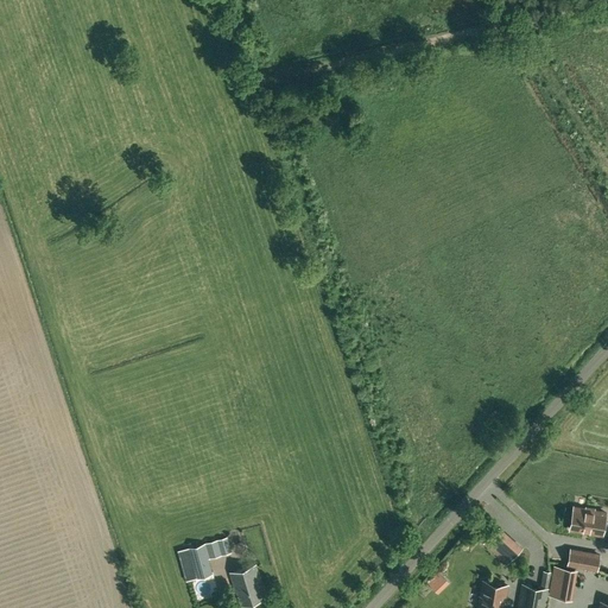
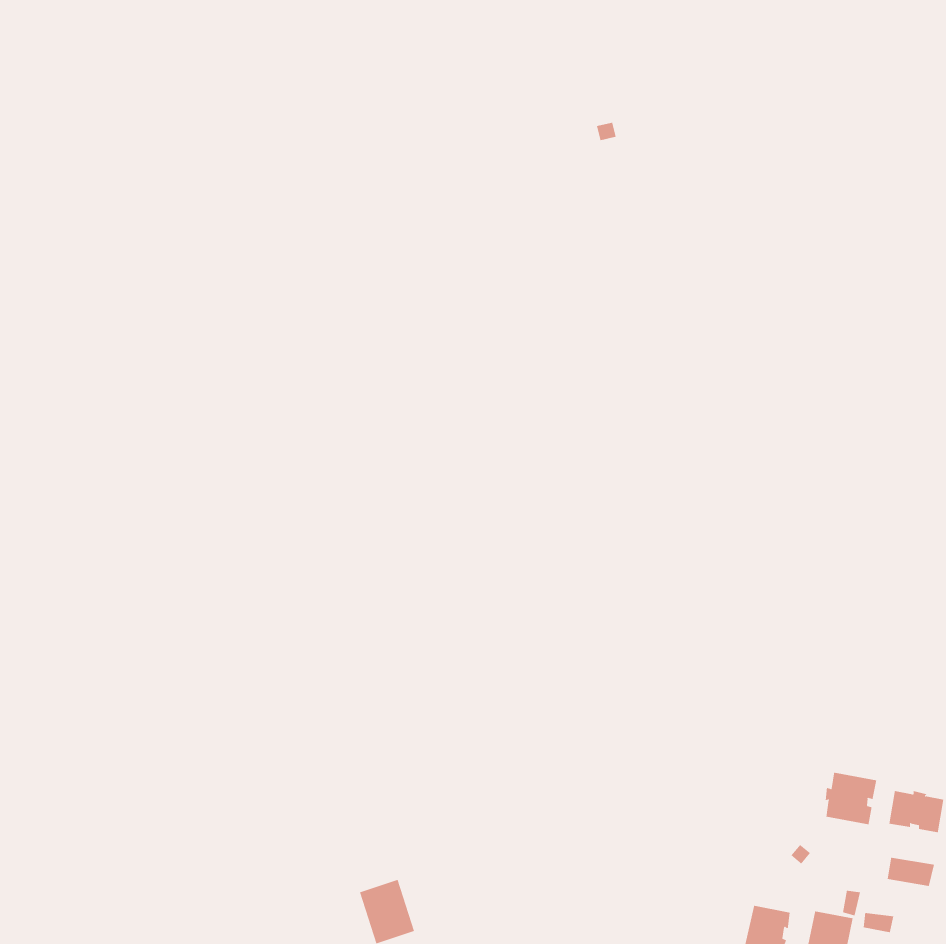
building: none -> [825,772,877,825]
building: [178,538,232,582] -> none

